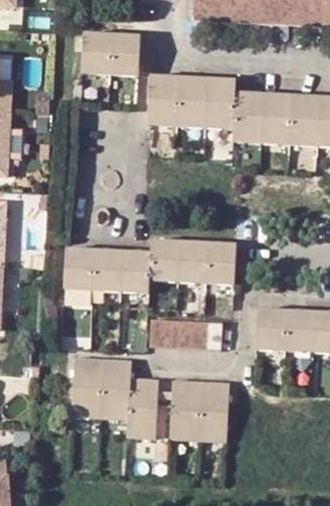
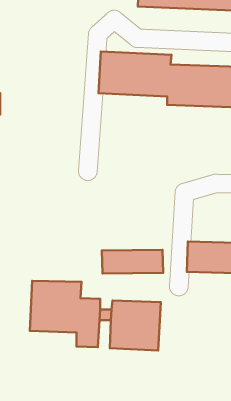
building: [77,33,139,76] -> none
building: [64,238,234,295] -> none

